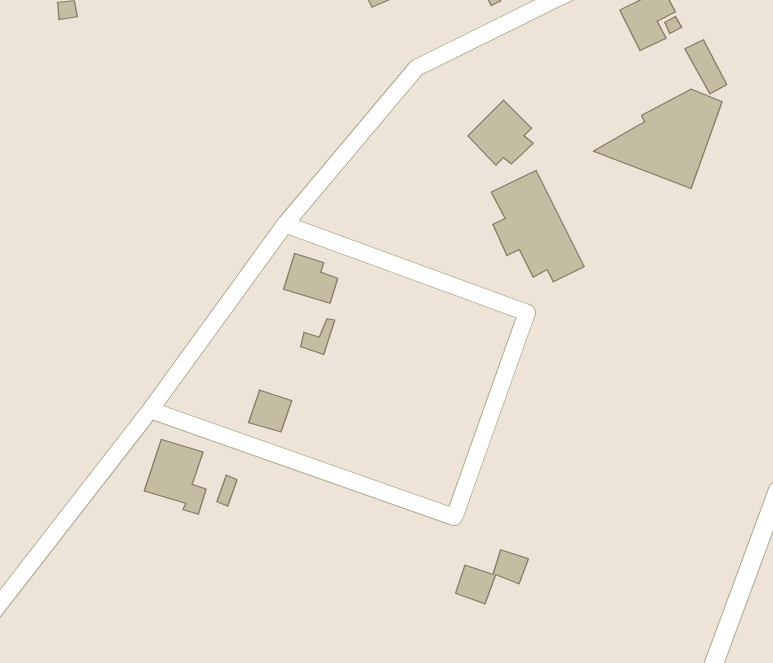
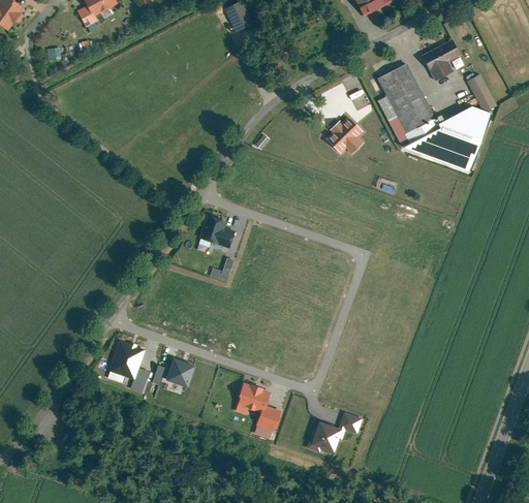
building: [491,170,584,282] -> [376,63,438,137]
building: [248,390,292,432] -> [165,359,194,387]
building: none -> [231,382,280,429]

